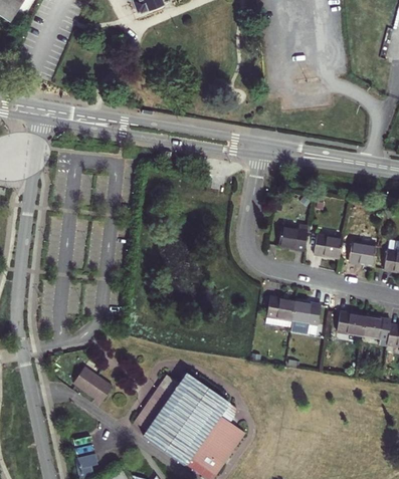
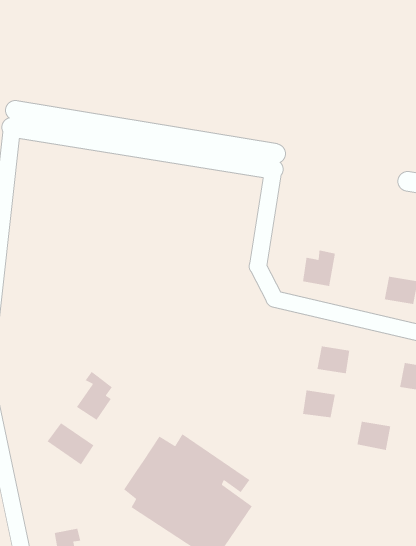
building: [317,236,345,259] -> none
building: [270,296,298,320] -> [302,389,336,418]
building: [339,310,368,335] -> [357,421,391,451]
building: none -> [76,371,113,421]

